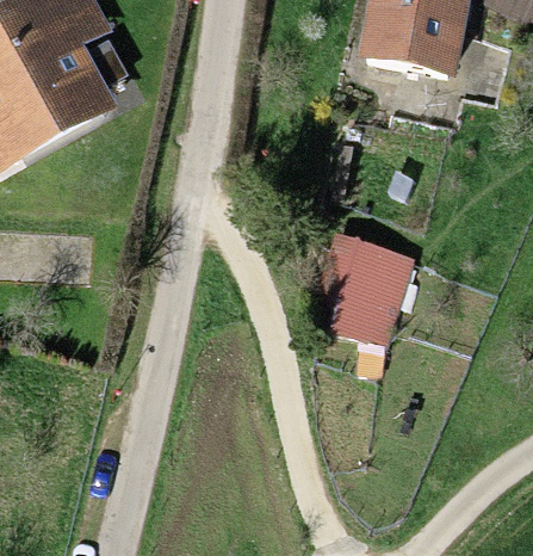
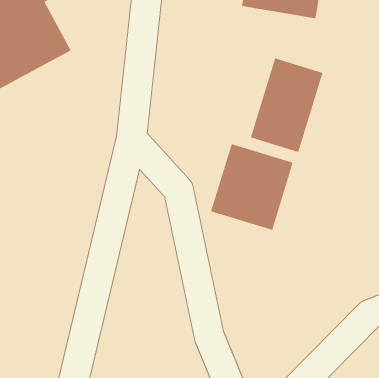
building: none -> [250,57,323,153]

